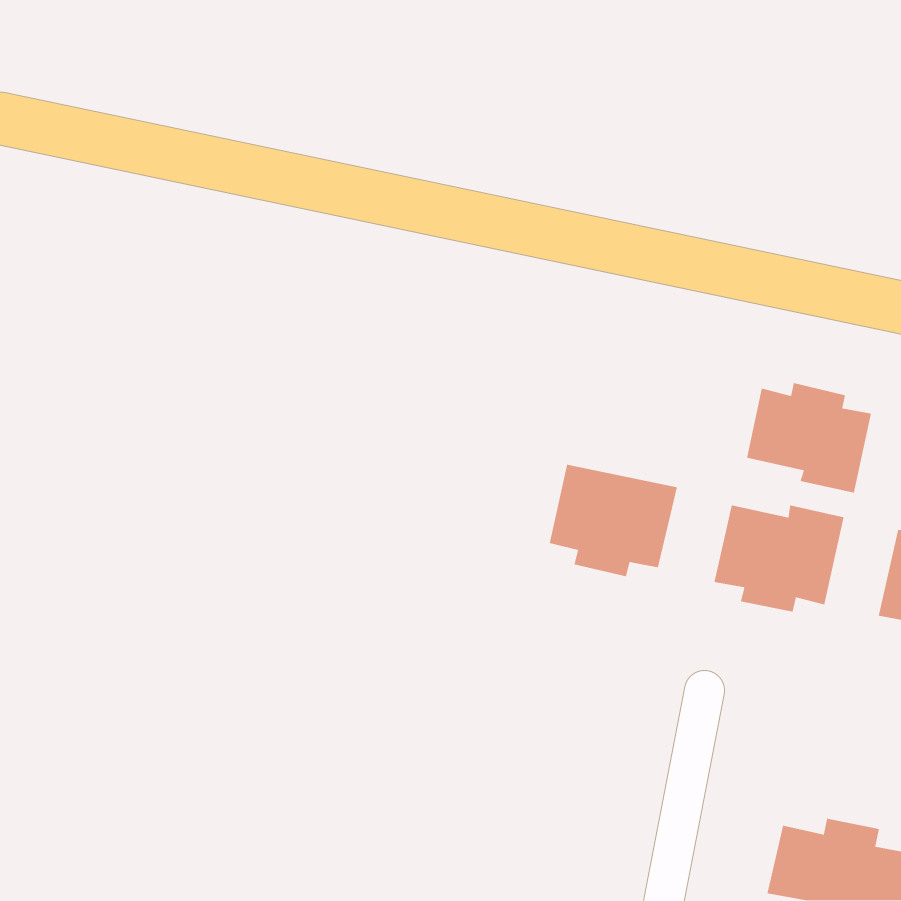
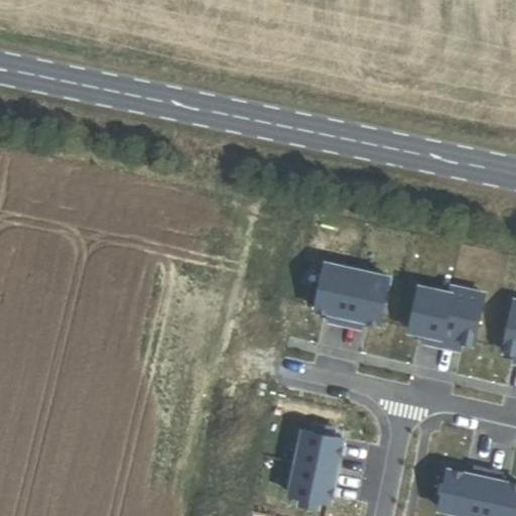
building: [746,382,872,493] -> none
building: none -> [288,423,343,509]

